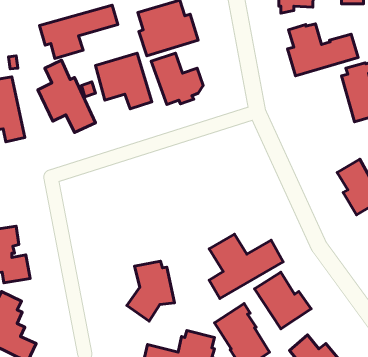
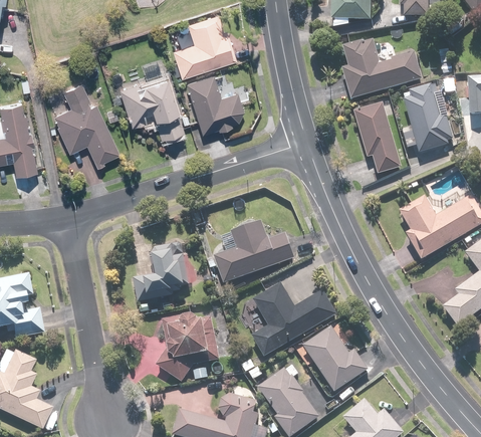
building: [40,5,118,59] -> none
building: none -> [353,101,402,173]
building: none -> [213,220,294,283]
building: none -> [132,241,192,301]

